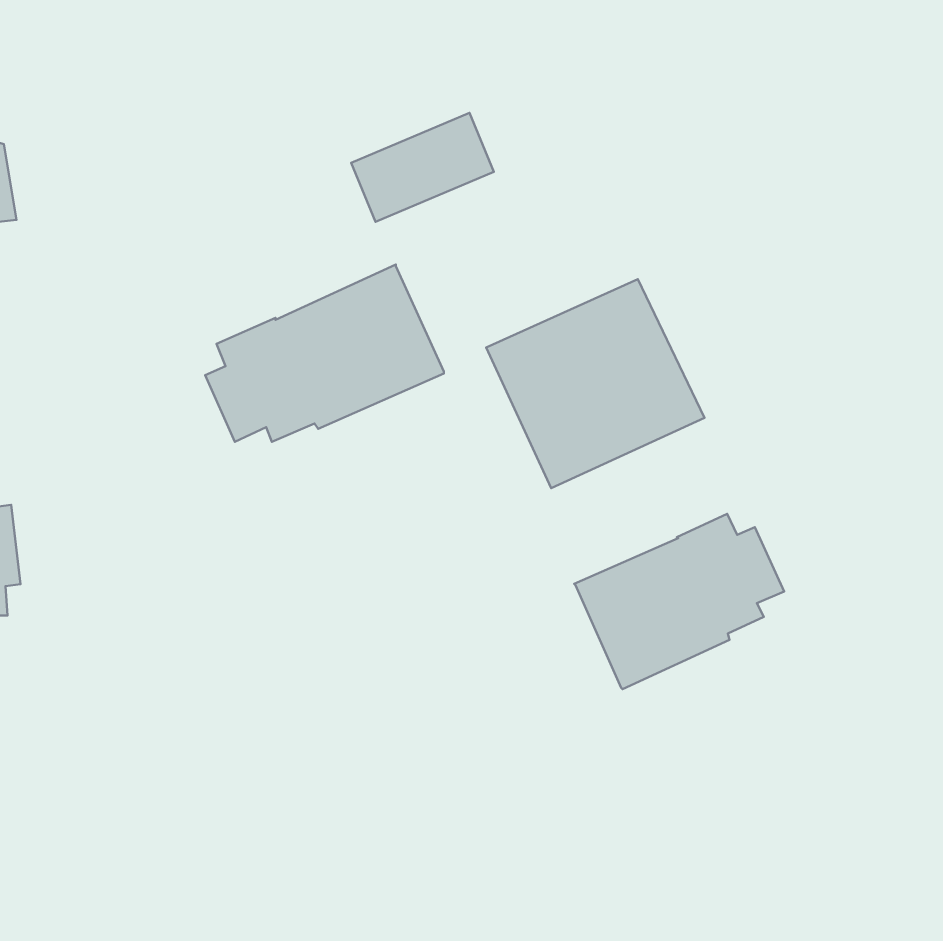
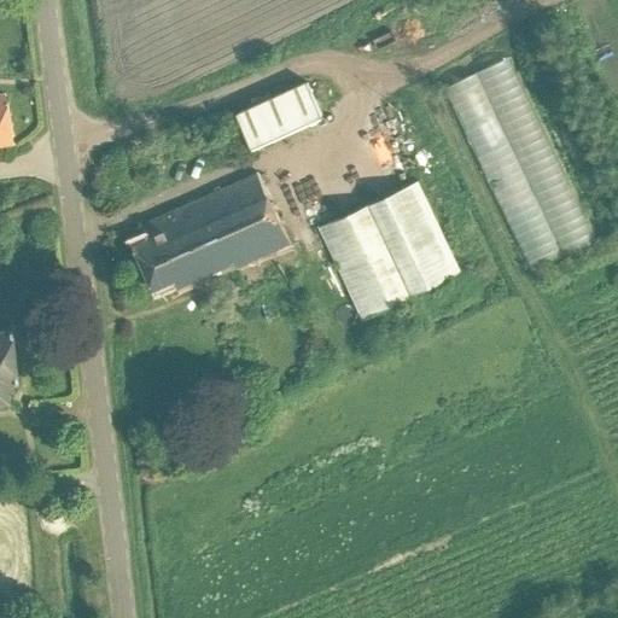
building: none -> [445,52,590,260]
building: [574,514,784,689] -> none

